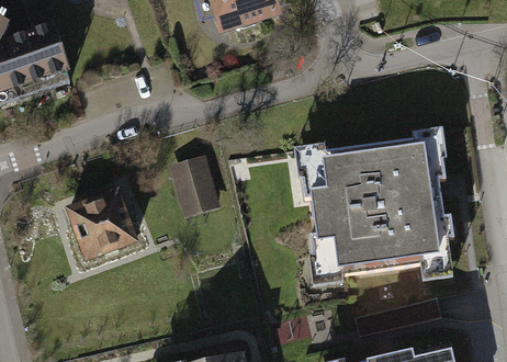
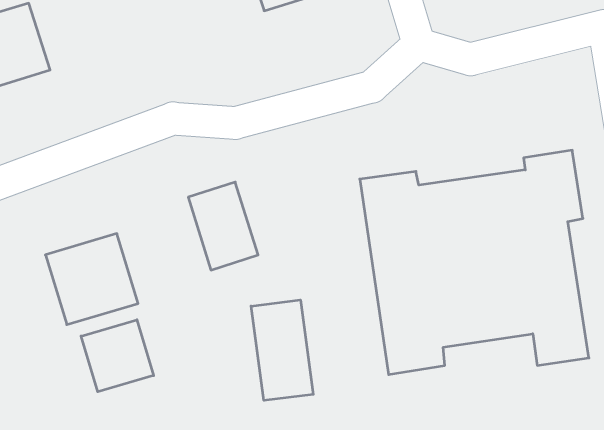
building: none -> [251,300,313,400]
building: none -> [81,320,154,392]

